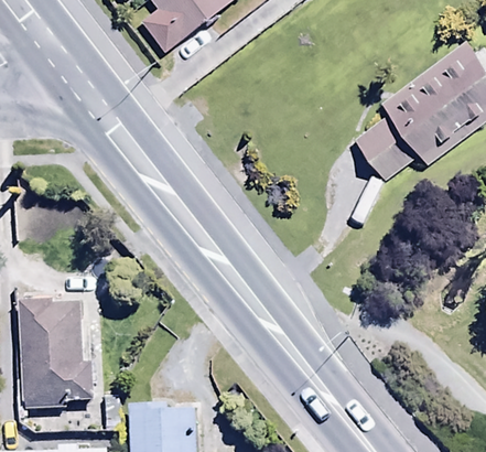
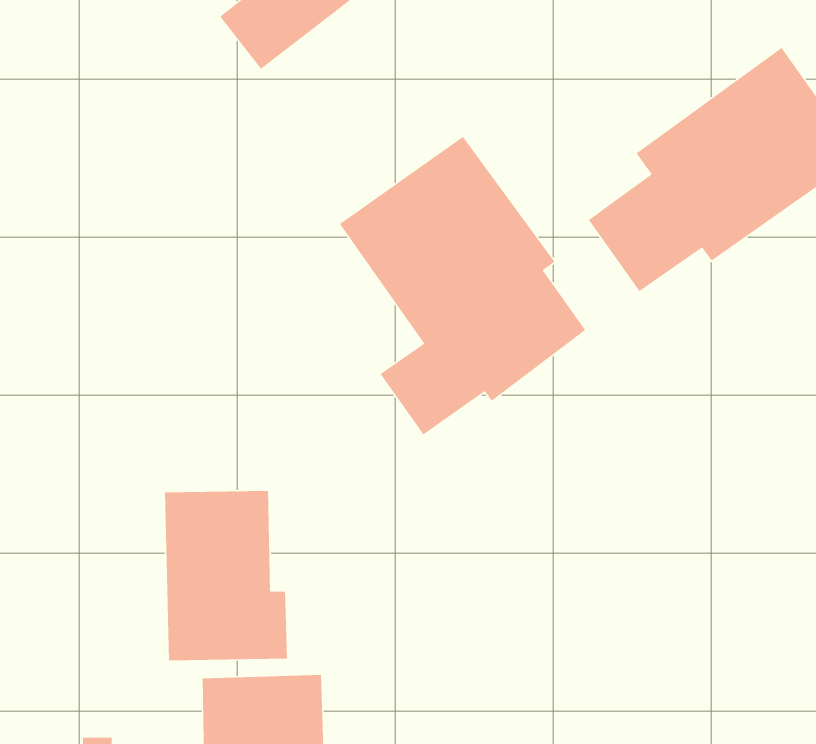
building: none -> [339,136,586,436]
building: [20,303,91,402] -> [164,490,288,661]

